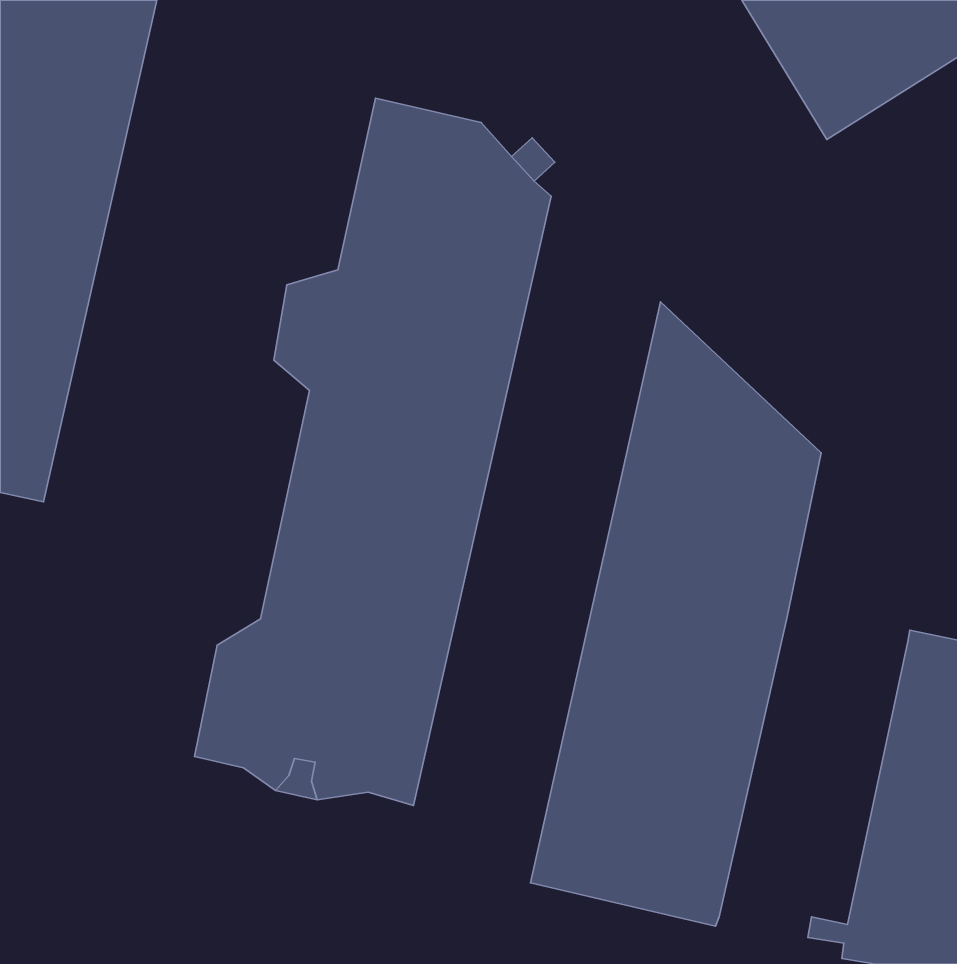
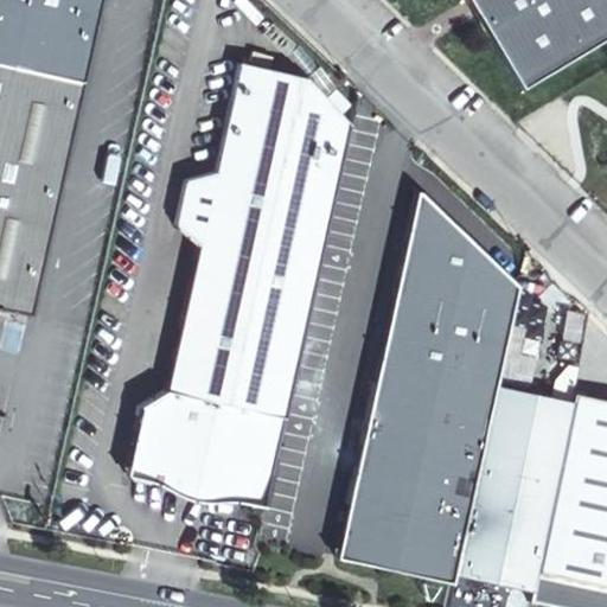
building: none -> [456,388,575,589]

